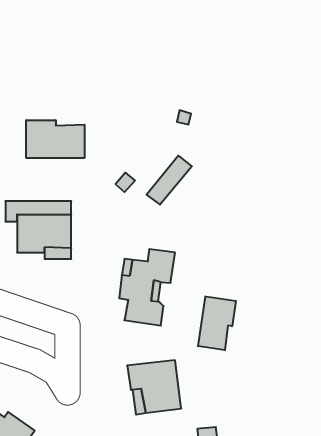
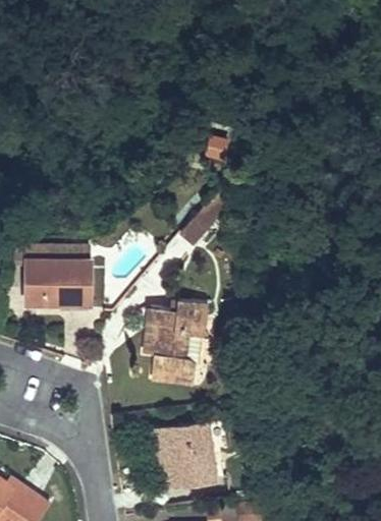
building: [26,120,84,158] -> none
building: [198,296,236,350] -> none

